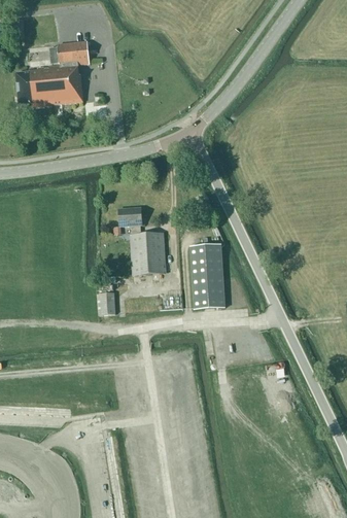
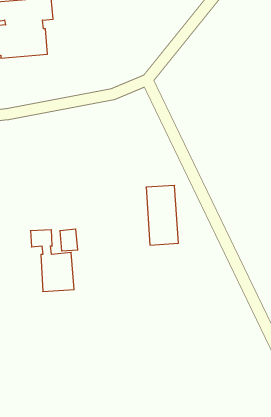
building: [119,207,167,274] -> [30,230,74,291]

